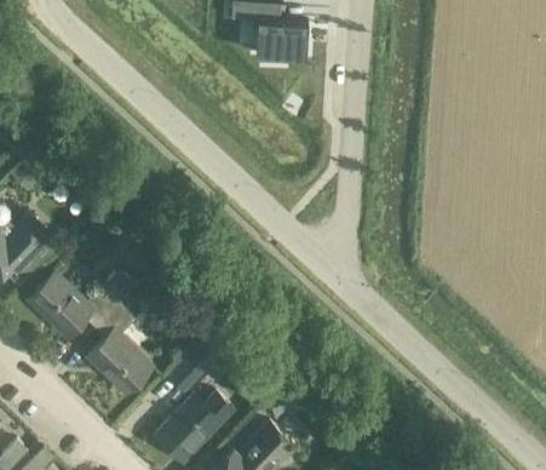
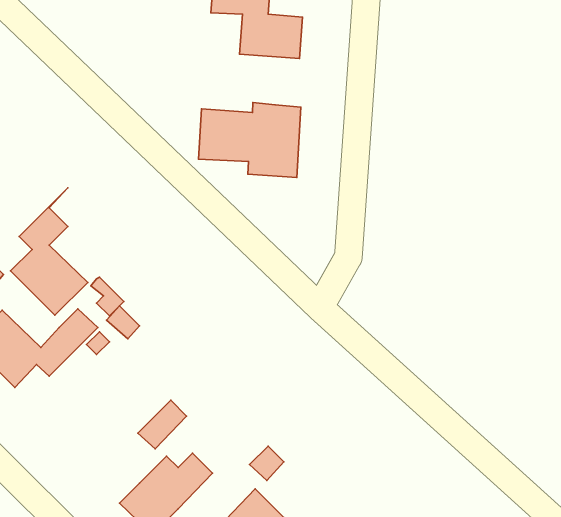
building: none -> [199,102,301,178]
building: [87,287,153,395] -> [11,188,88,315]

